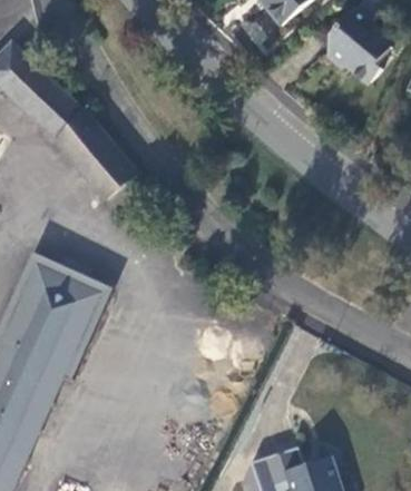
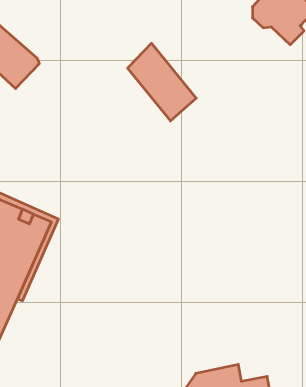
building: [58,111,135,198] -> [128,43,196,121]

